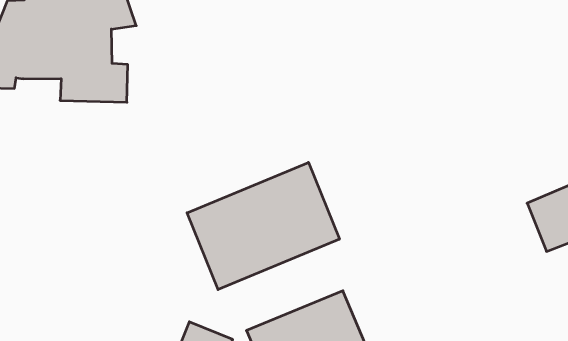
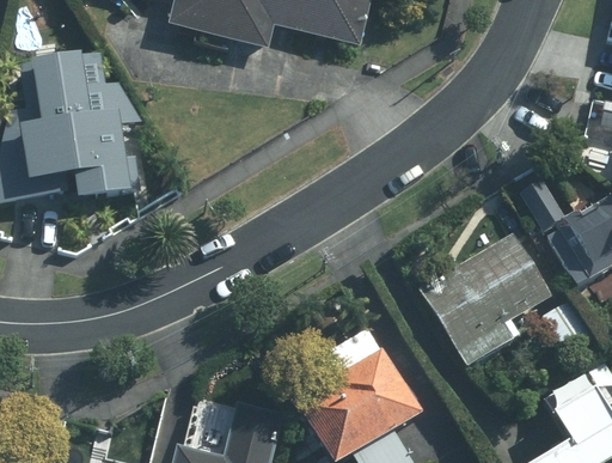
building: [187,162,339,290] -> none
building: none -> [416,231,550,368]

